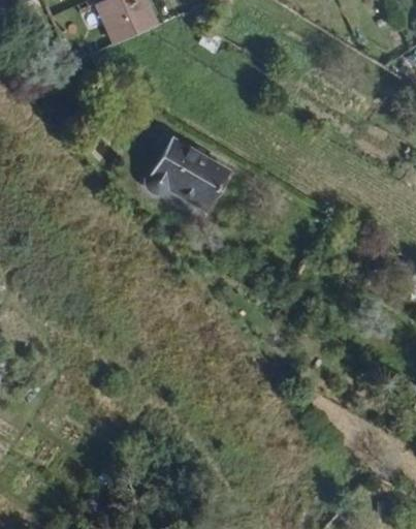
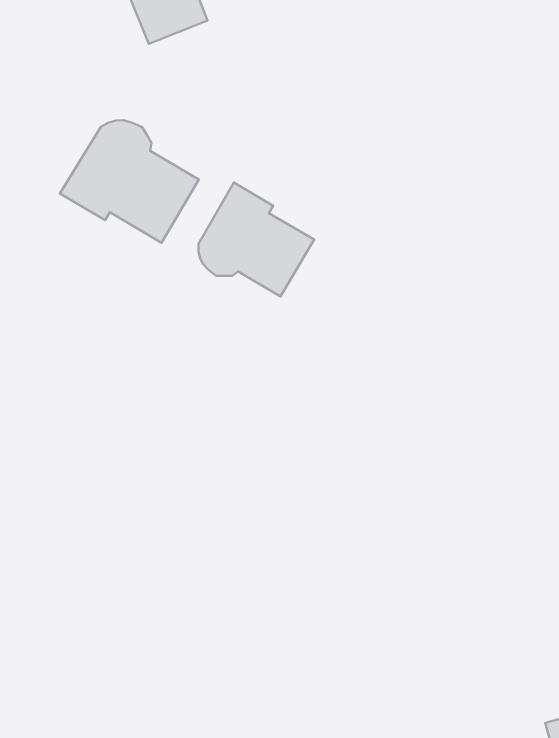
building: none -> [60,120,199,243]

